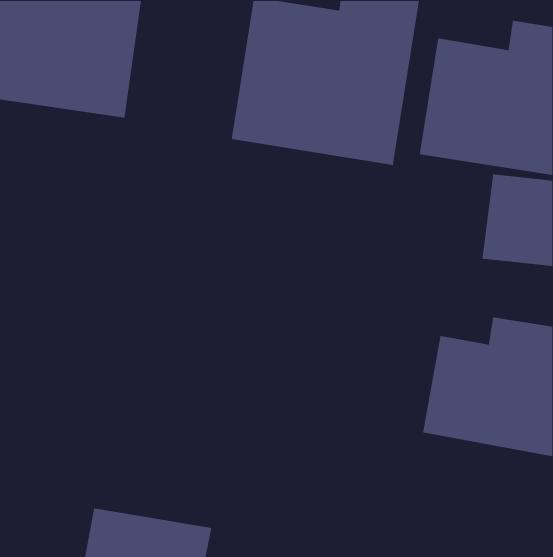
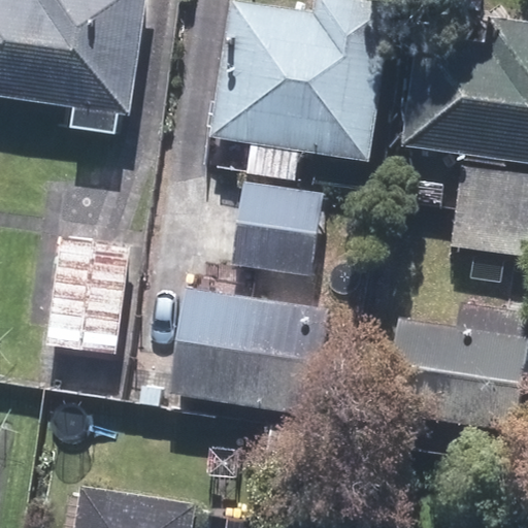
building: none -> [232,180,330,276]
building: none -> [47,239,129,357]
building: none -> [173,284,316,411]

